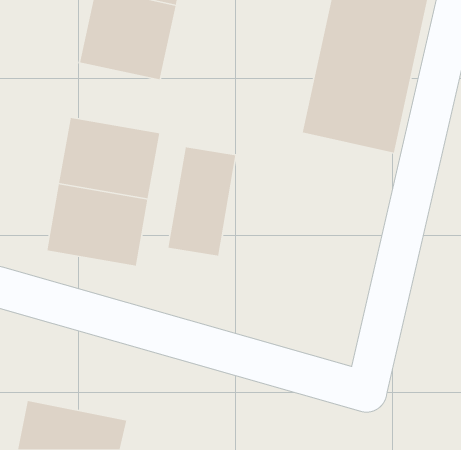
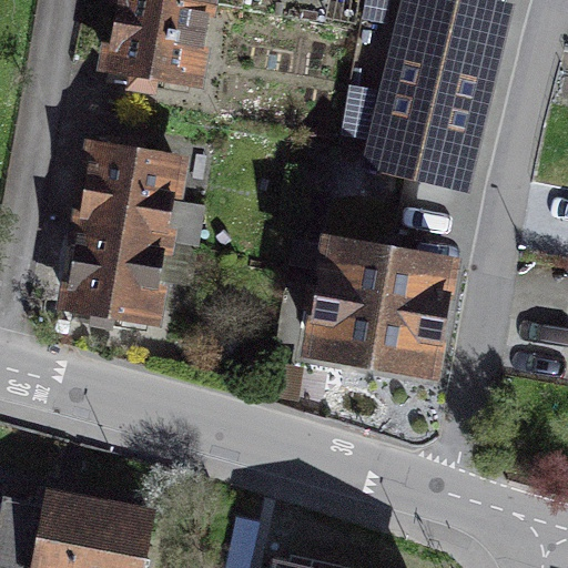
building: [168,146,236,257] -> none
building: none -> [287,232,452,386]

